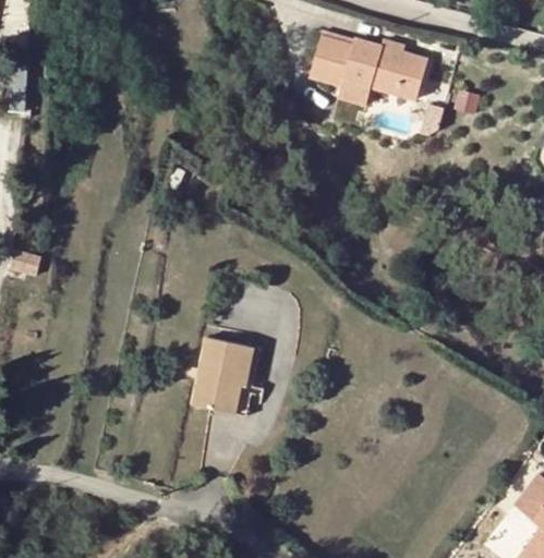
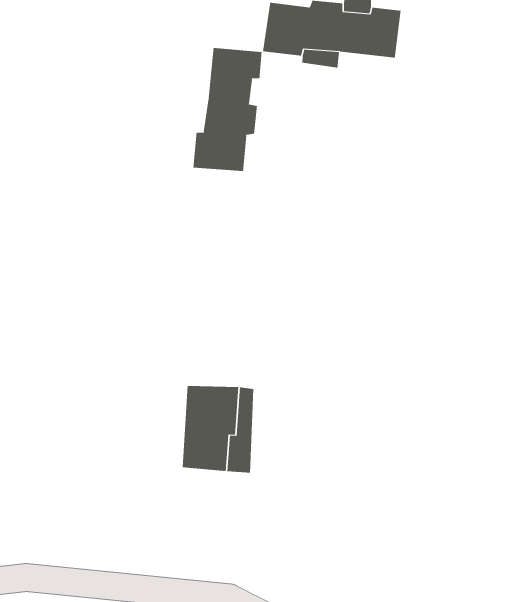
building: none -> [193,47,262,172]

